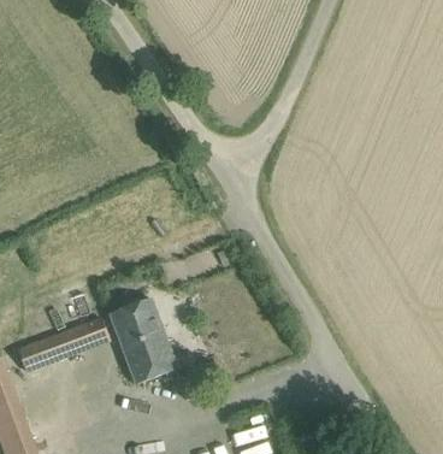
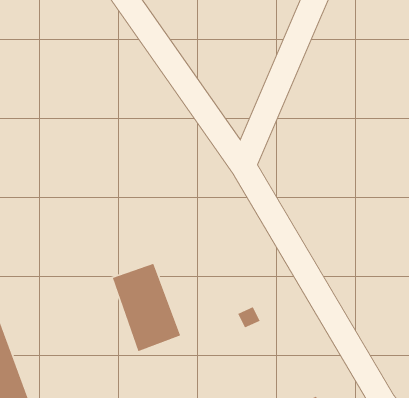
building: [17,316,108,370] -> none

